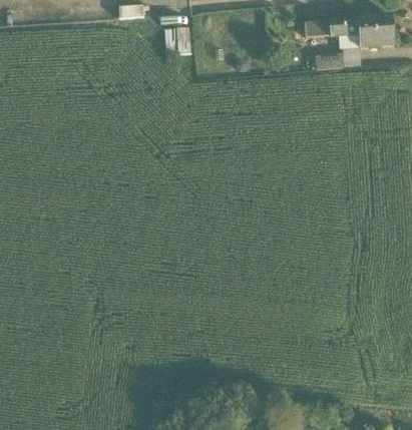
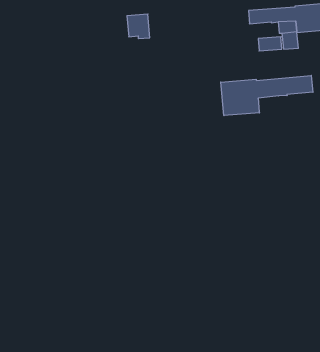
building: none -> [221,75,313,116]

